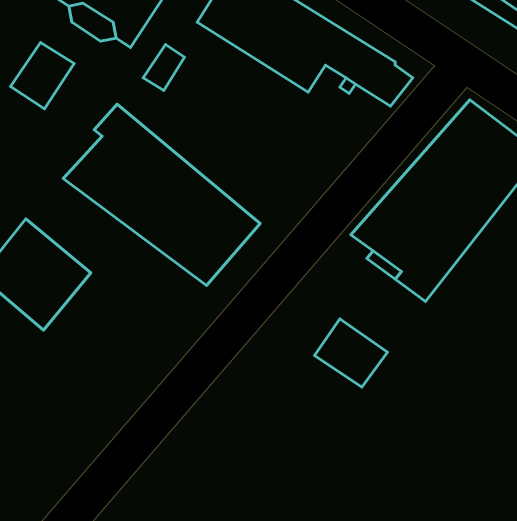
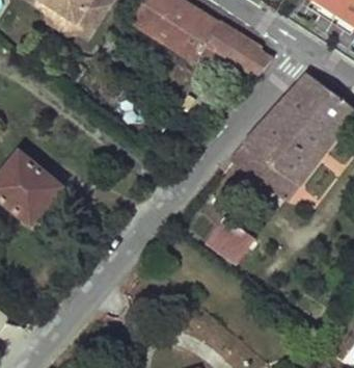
building: [10,42,74,109] -> none
building: [63,104,260,286] -> none

